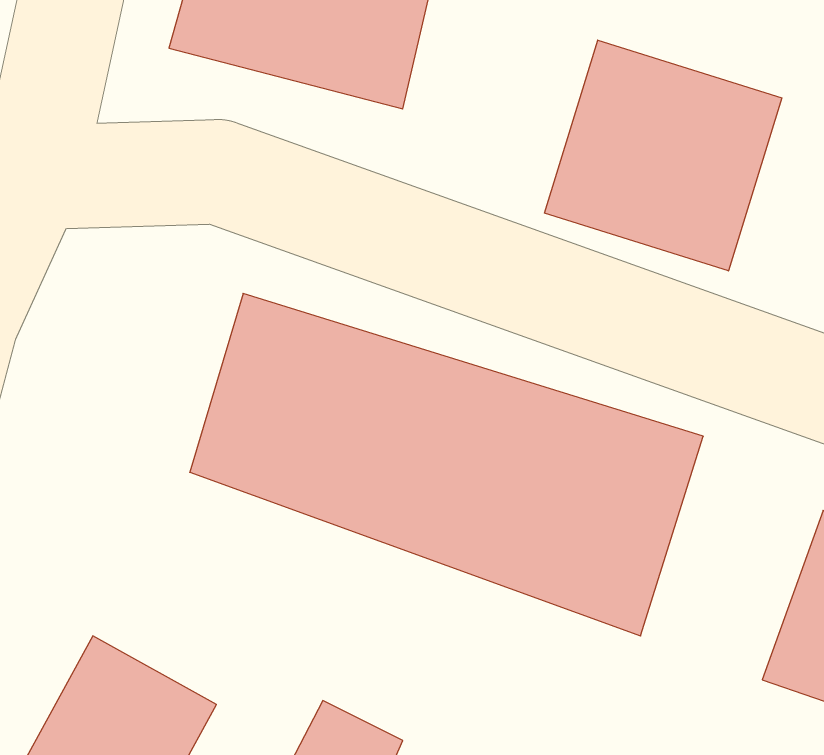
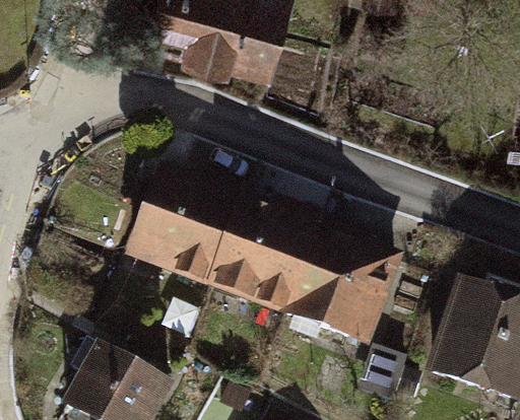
building: [544,40,782,271] -> none

